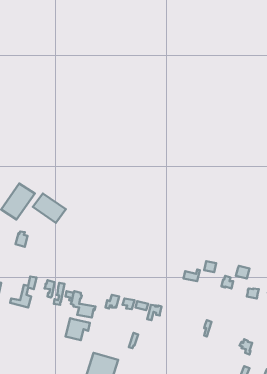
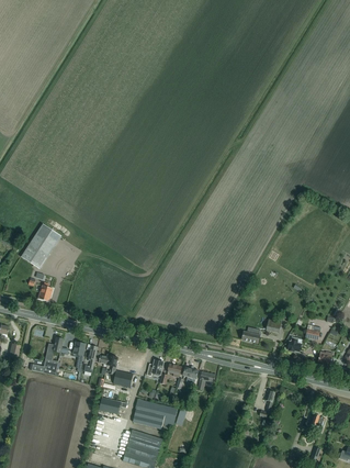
building: [33,193,66,223] -> none
building: none -> [133,399,177,428]

